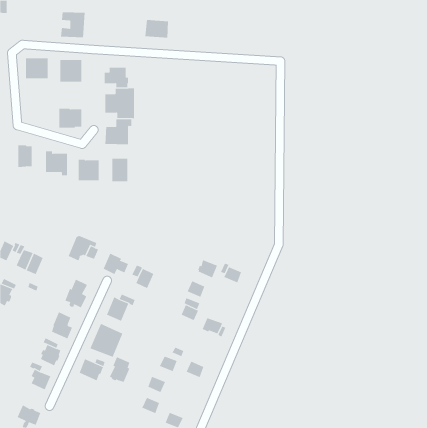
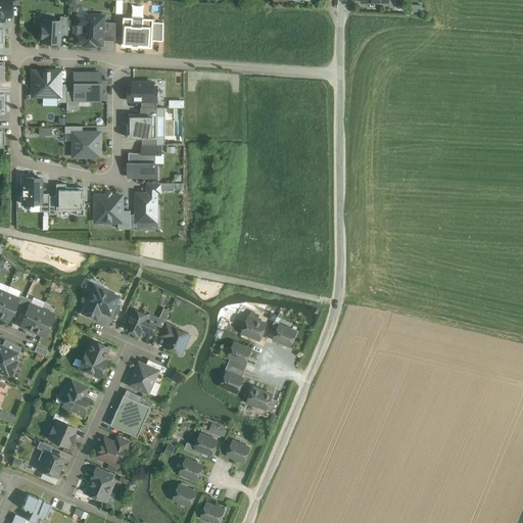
building: none -> [40,18,59,43]
building: [145,20,169,38] -> [122,25,151,47]
building: [109,357,130,383] -> [87,468,112,500]

